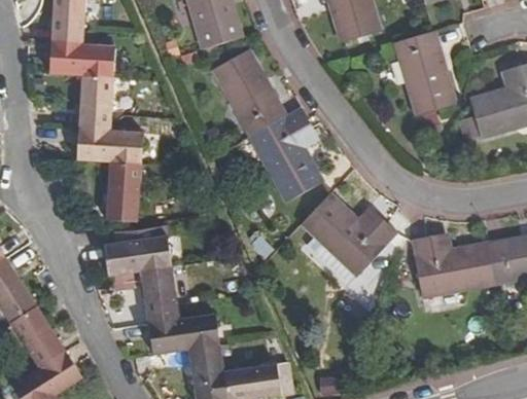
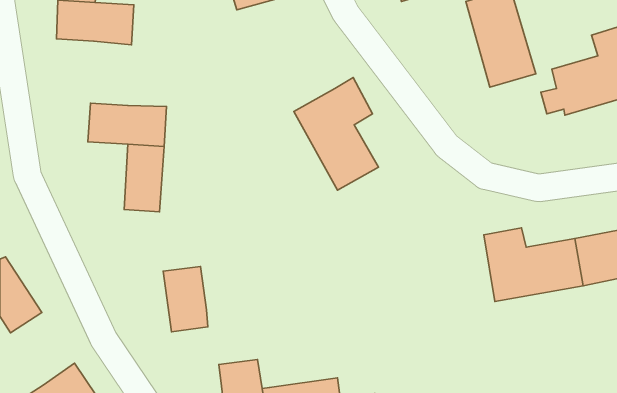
building: [214,50,285,135] -> none
building: [77,75,112,130] -> none
building: [301,194,396,276] -> none
building: [103,221,171,276] -> none
building: [9,305,64,367] -> none
building: [146,313,219,355] -> none

